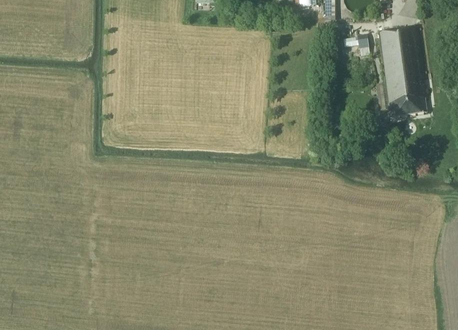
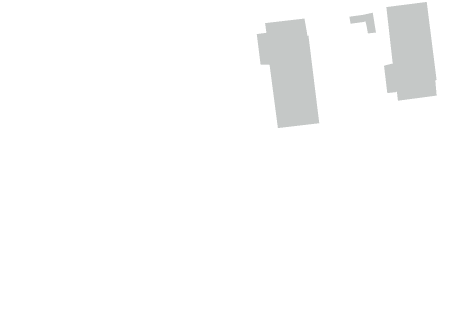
building: none -> [256,18,320,129]

